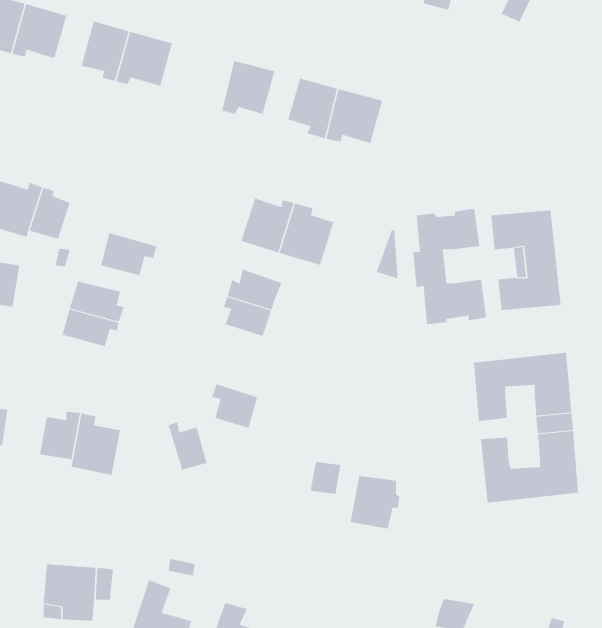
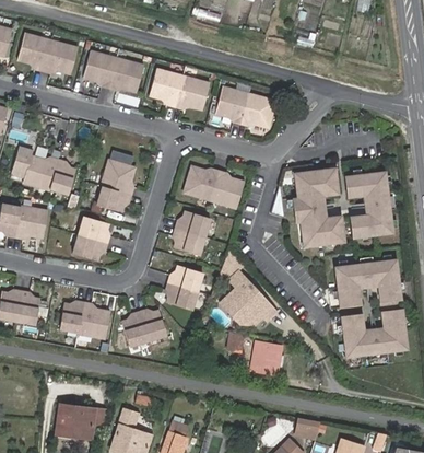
building: none -> [150,71,181,109]
building: none -> [101,160,137,195]
building: none -> [170,264,203,290]
building: none -> [221,271,274,321]
building: none -> [122,307,149,341]

